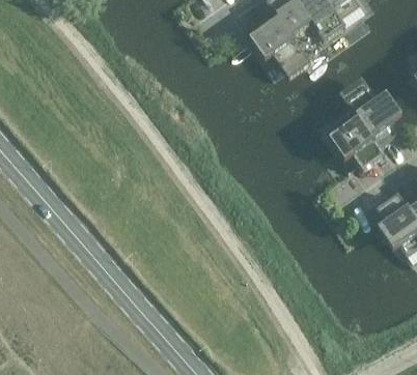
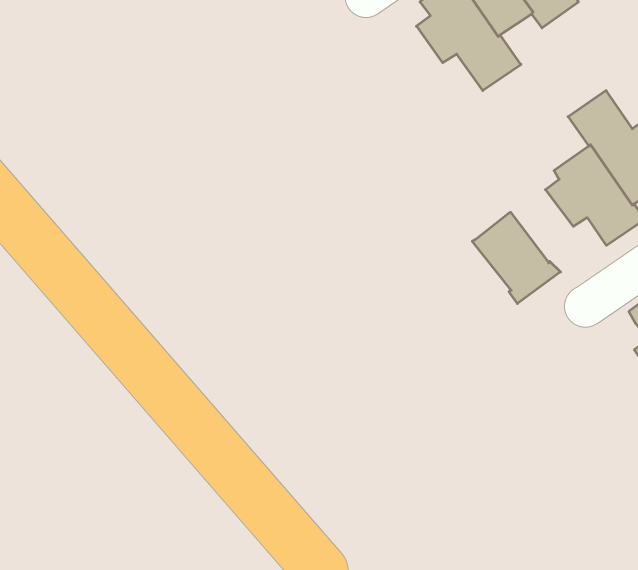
building: none -> [472,212,561,304]

